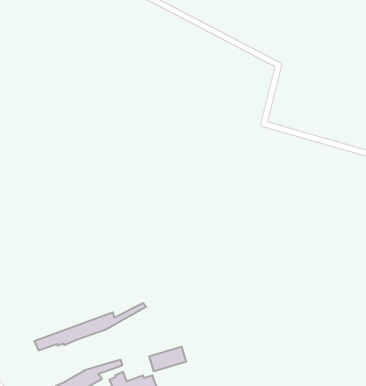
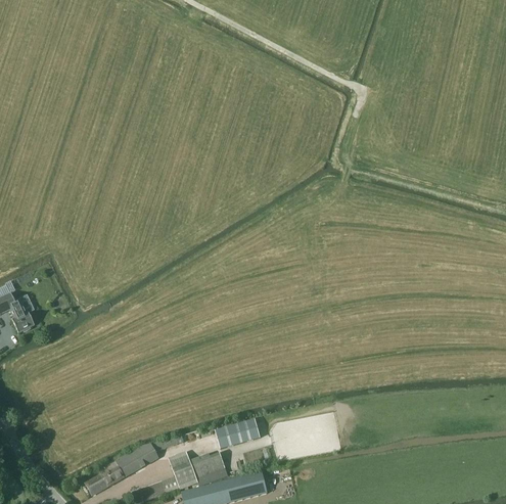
building: [35,303,146,350] -> none

